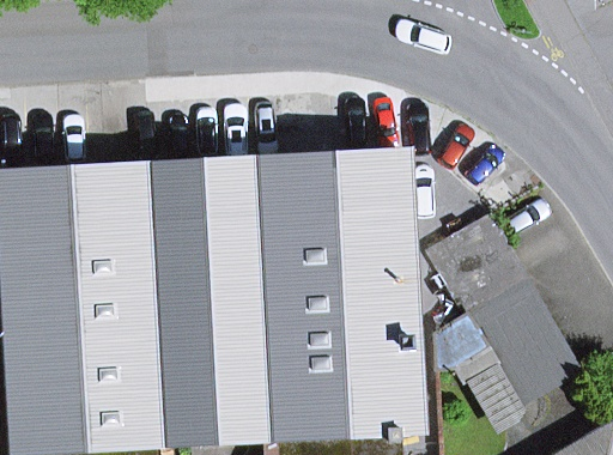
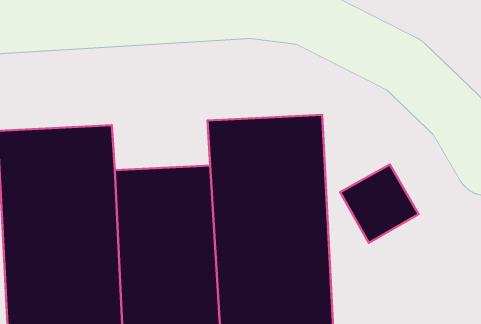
building: [142,157,266,219] -> none
building: [465,274,581,402] -> none

